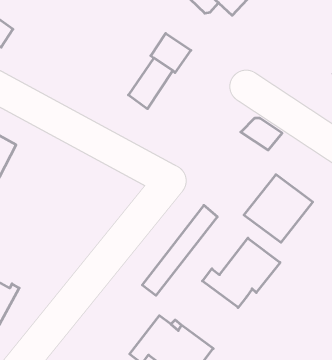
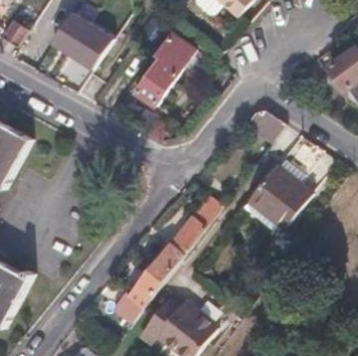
building: none -> [52,10,116,69]
building: [202,238,280,308] -> none
building: none -> [111,271,162,325]

